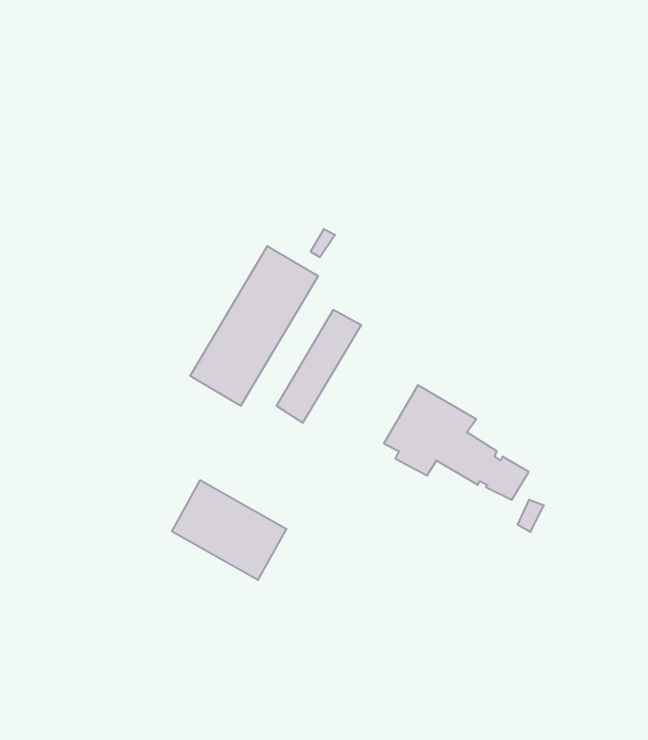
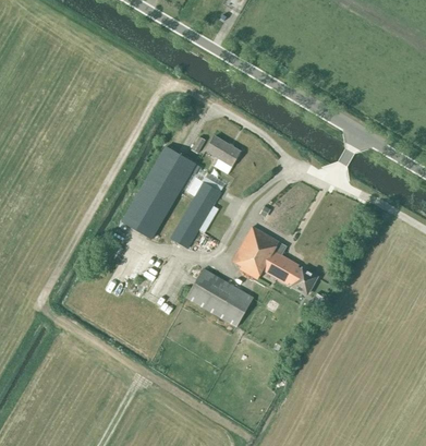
building: none -> [205,134,241,166]
building: [172,480,287,580] -> [186,268,253,326]

